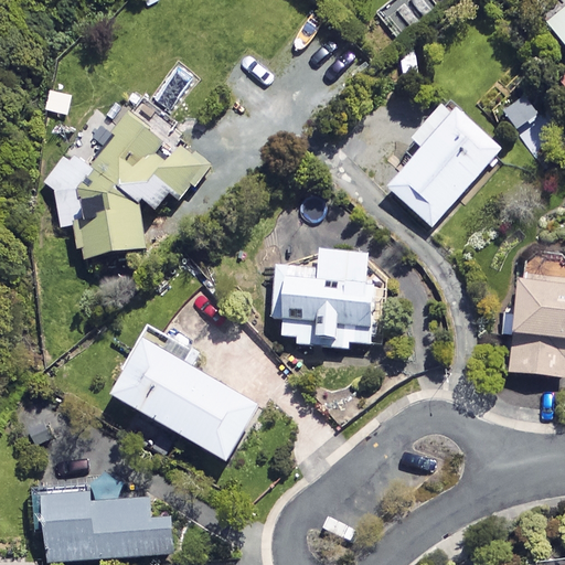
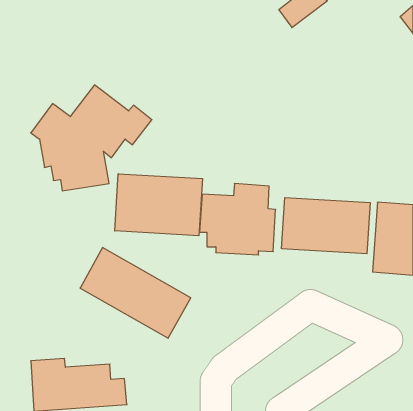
building: [387,108,501,226] -> none
building: none -> [115,174,203,236]
building: none -> [282,198,370,254]

